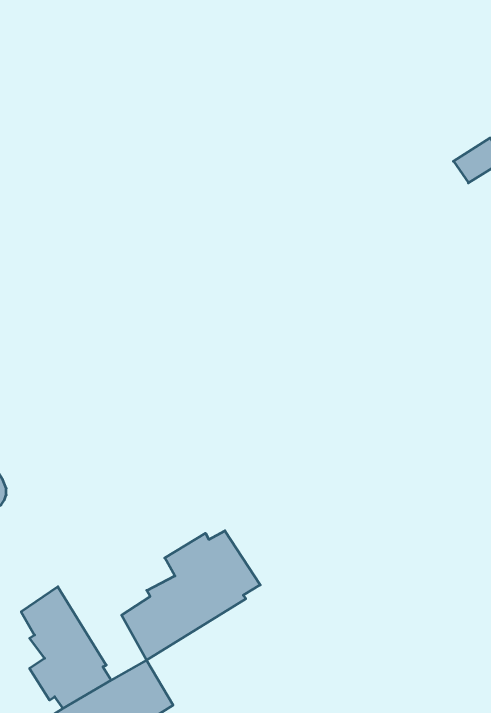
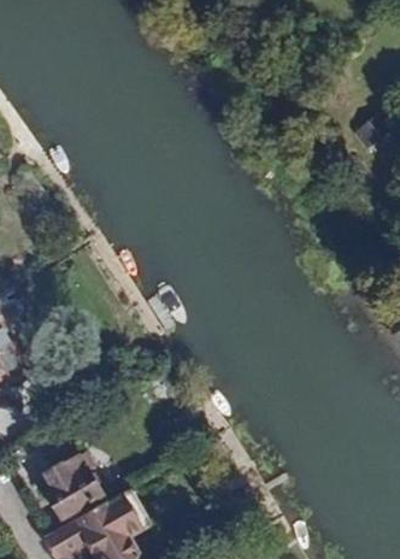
building: [122,531,260,660] -> none

